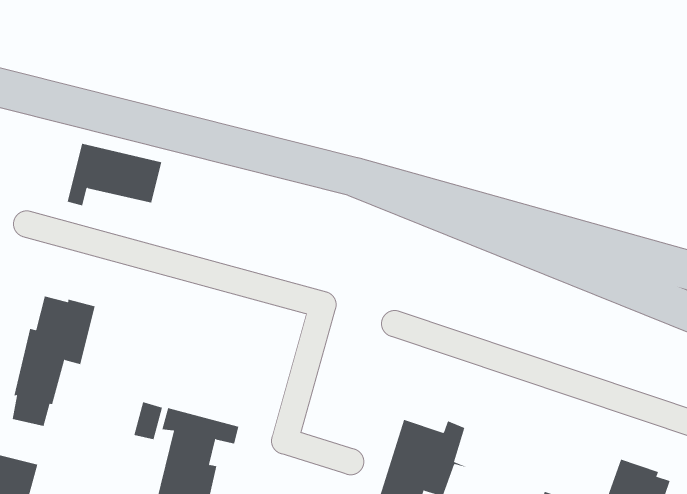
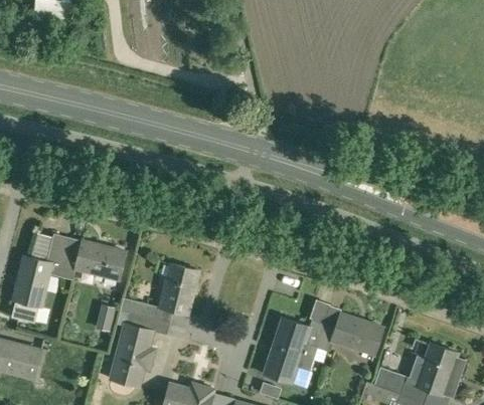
building: [67,143,162,206] -> [60,239,126,282]
building: none -> [120,263,199,322]
building: none -> [317,309,383,353]

